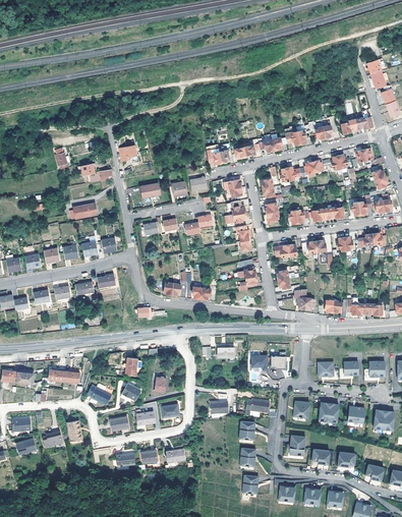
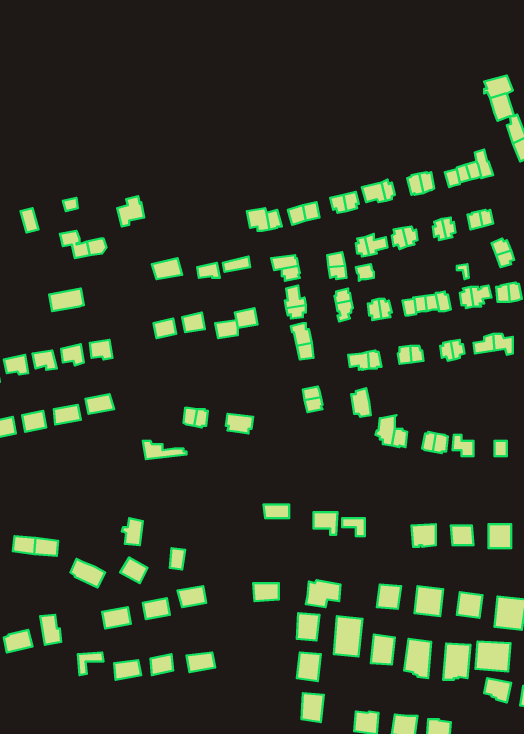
building: none -> [334,616,363,657]
building: none -> [476,642,511,672]

